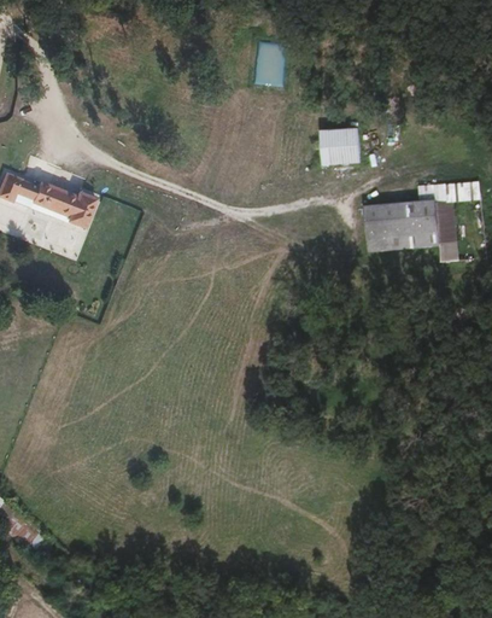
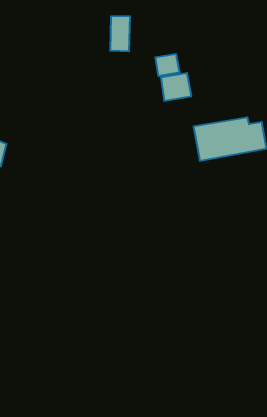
building: none -> [155,54,180,76]

